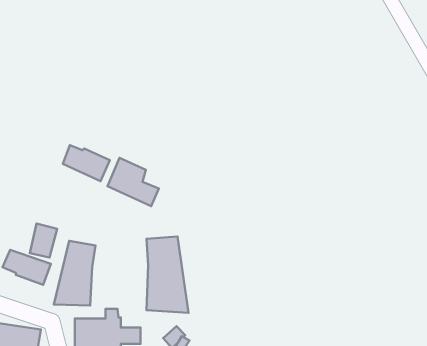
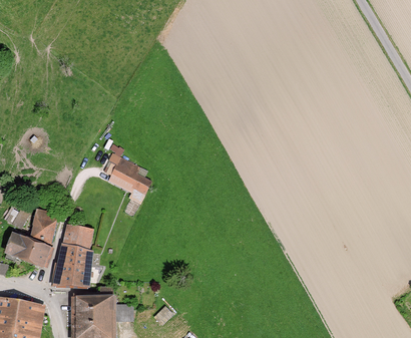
building: [63,145,110,181] -> none
building: [147,237,189,313] -> none

